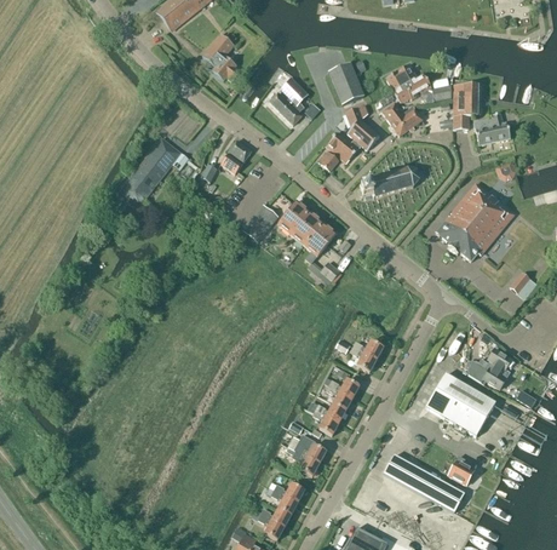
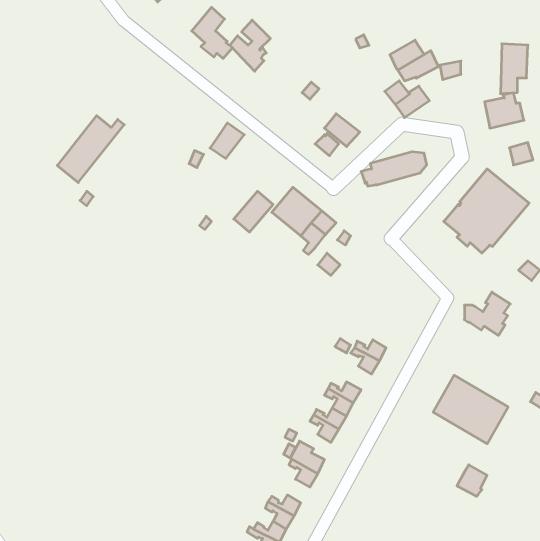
building: [328,62,364,105] -> none
building: [270,78,308,125] -> [230,20,270,71]
building: [453,84,478,130] -> [500,44,528,94]
building: [345,105,379,151] -> none
building: [120,144,182,206] -> [57,116,124,183]
building: [469,349,511,389] -> [464,292,510,335]
building: [385,456,463,510] -> none

